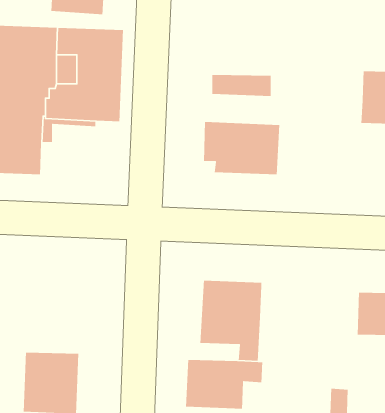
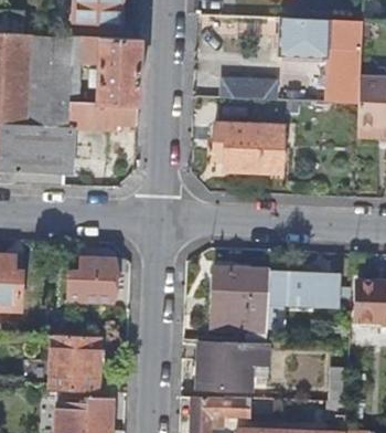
building: none -> [278,17,363,104]
building: none -> [67,250,114,300]
building: none -> [267,274,336,305]

